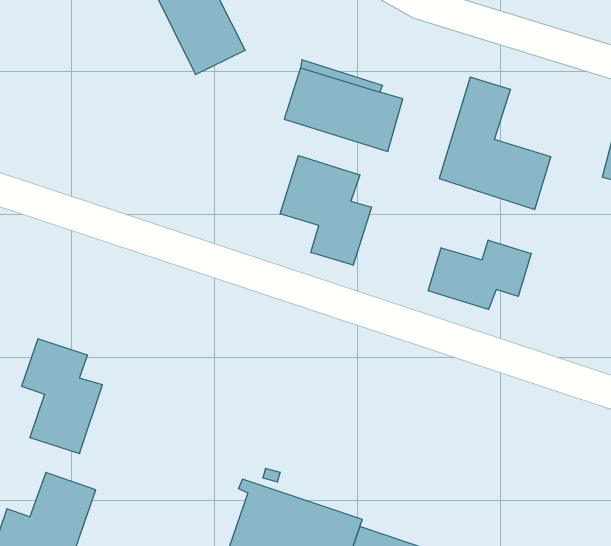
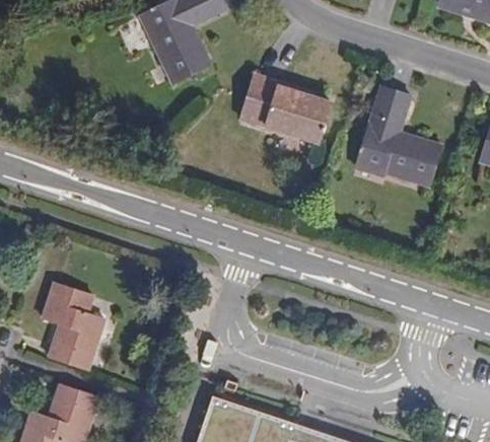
building: [280,156,372,265] -> none
building: [428,240,531,309] -> none

